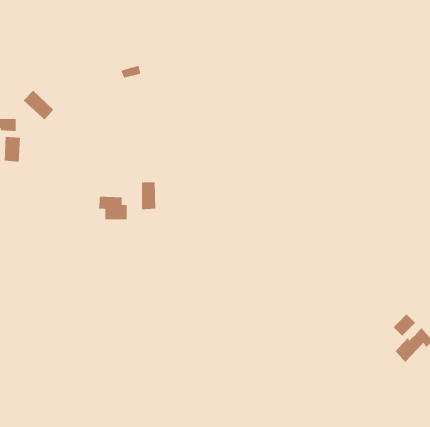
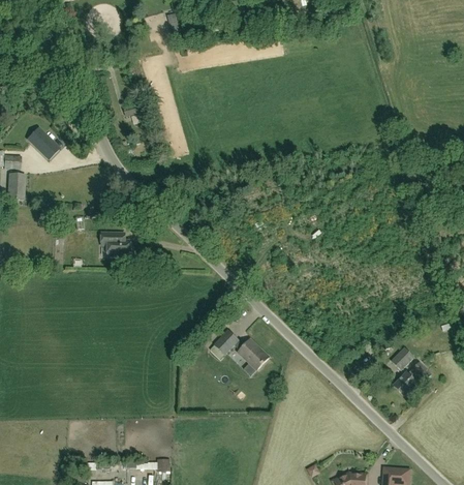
building: [141,181,156,210] -> none
building: none -> [213,329,268,370]

